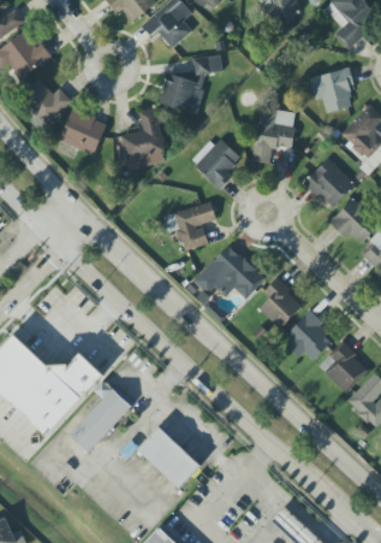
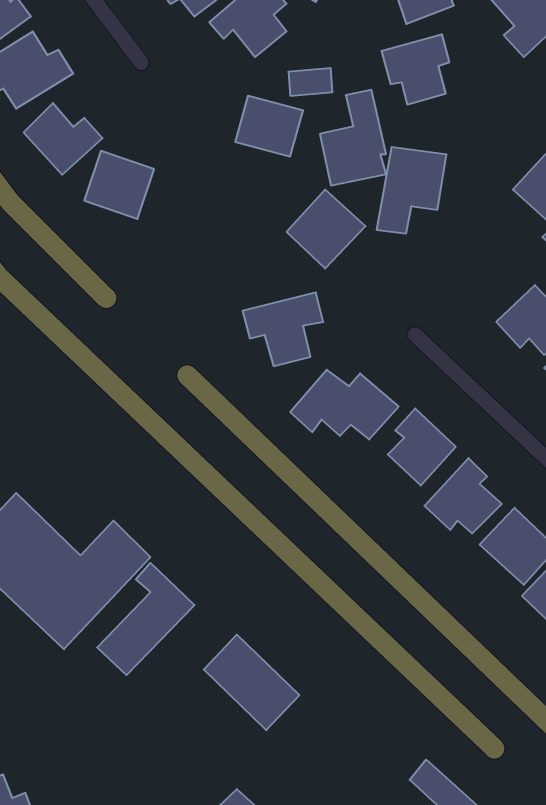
building: [310,67,355,113] -> [381,34,449,104]
building: [121,107,165,170] -> [320,90,386,185]
building: [304,158,355,208] -> none

